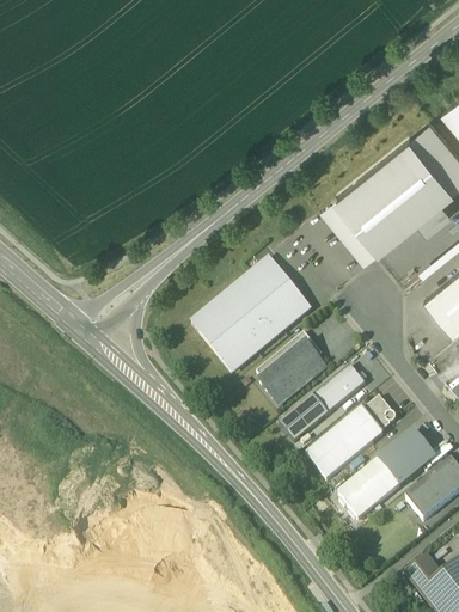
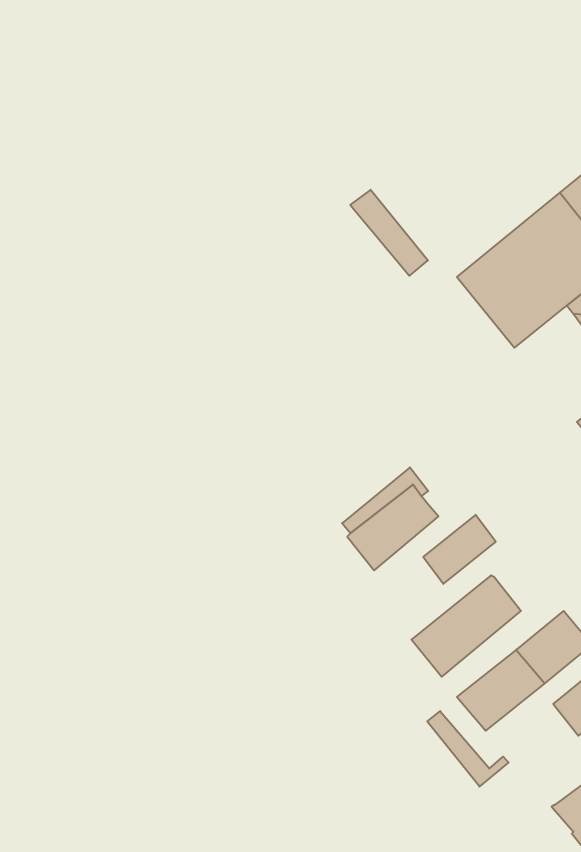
building: [324,197,379,258] -> [350,190,428,276]
building: [192,259,311,372] -> none
building: [280,396,329,442] -> none
building: [365,397,397,433] -> none
building: none -> [427,711,509,787]

